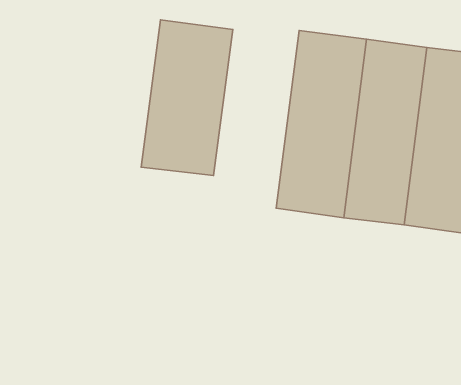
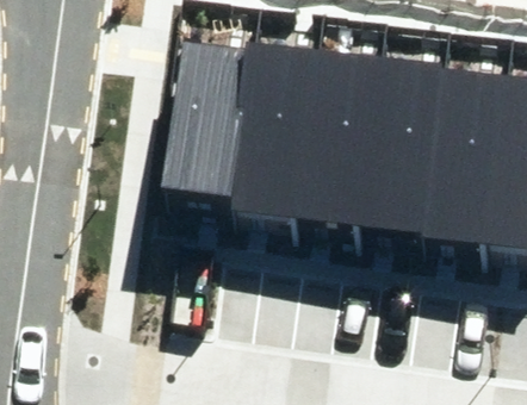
building: none -> [232,40,321,224]

